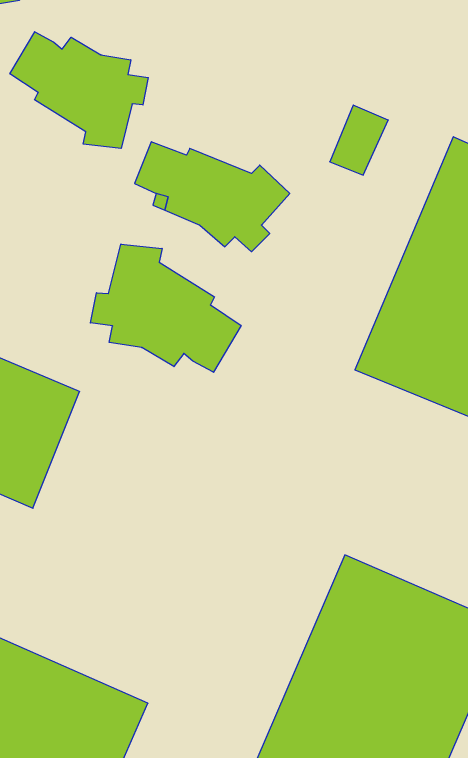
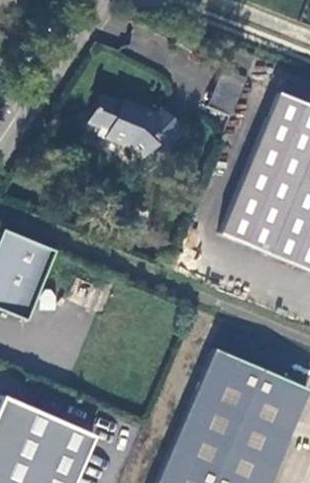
building: [10,32,148,148] -> none
building: [90,244,241,372] -> none

